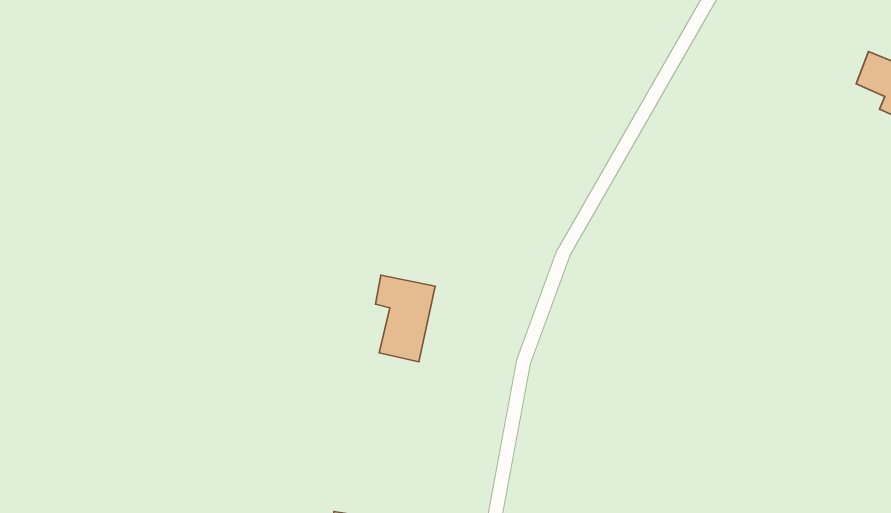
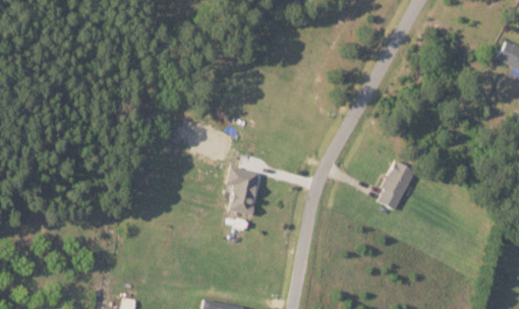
building: none -> [377,161,415,210]

